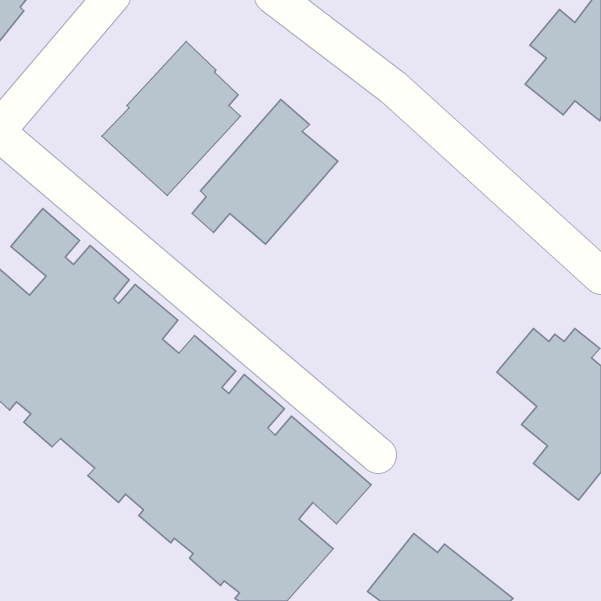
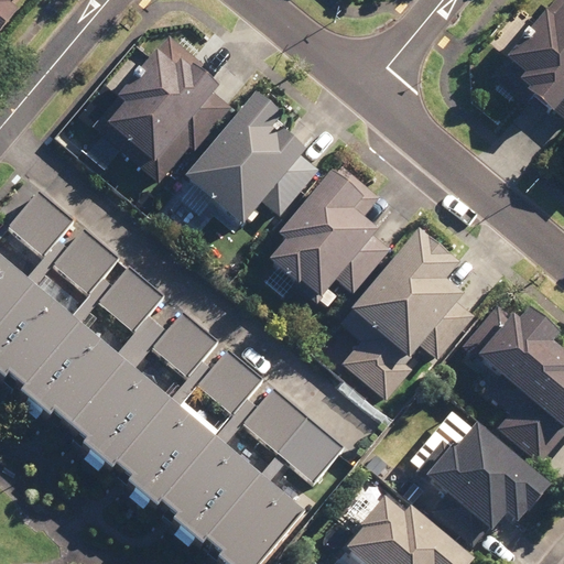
building: none -> [269,165,380,299]
building: none -> [338,229,479,401]
building: none -> [415,423,546,546]

